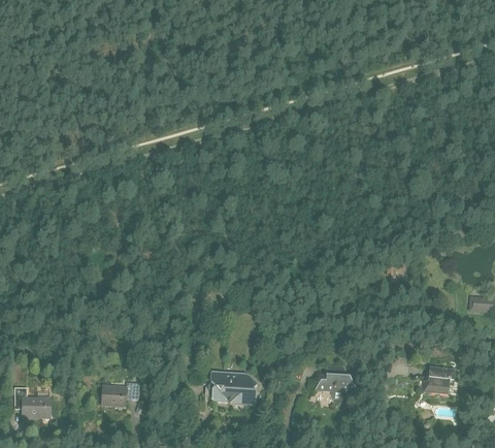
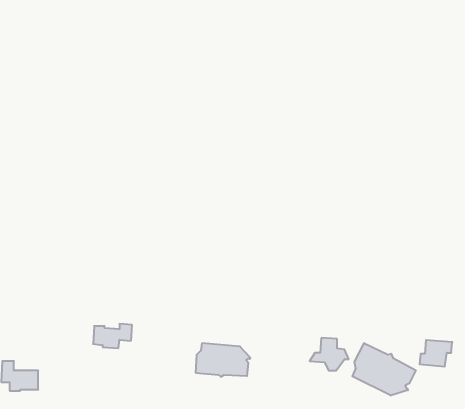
building: none -> [352,343,416,396]
building: [101,383,139,407] -> [93,324,132,348]

